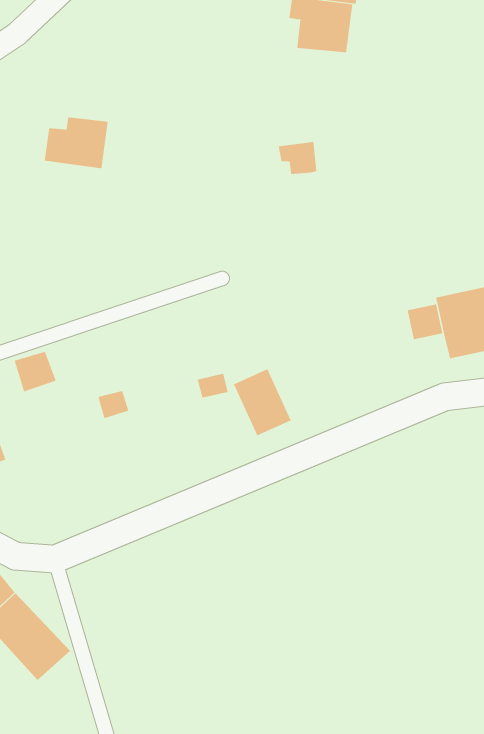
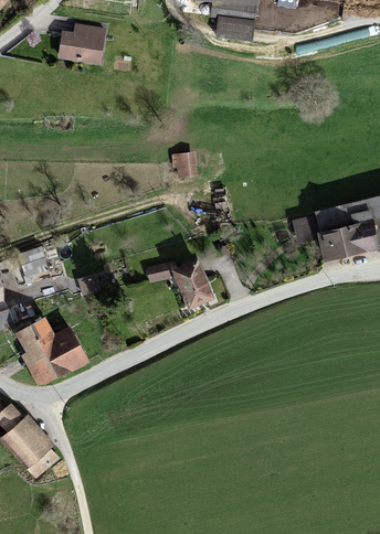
building: [44,117,108,169] -> [57,24,103,61]
building: [278,141,317,175] -> [169,152,197,175]
building: none -> [17,318,86,381]

